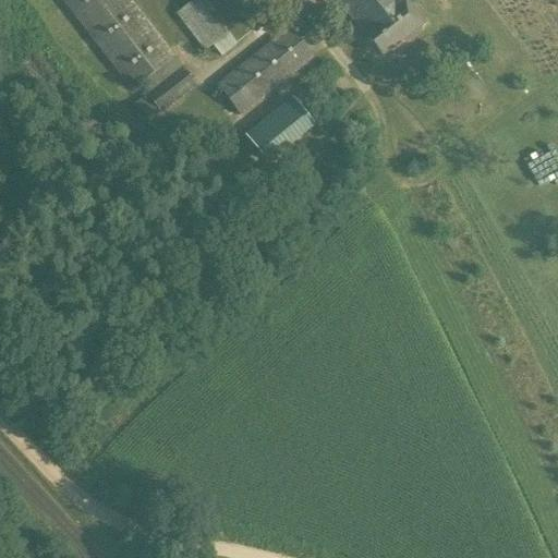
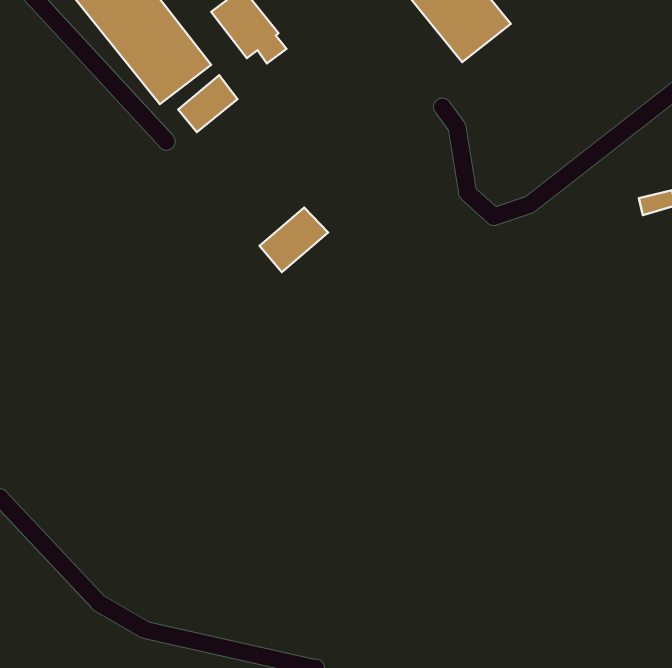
building: [218,21,316,112] -> none
building: [244,101,301,155] -> [259,208,328,272]

